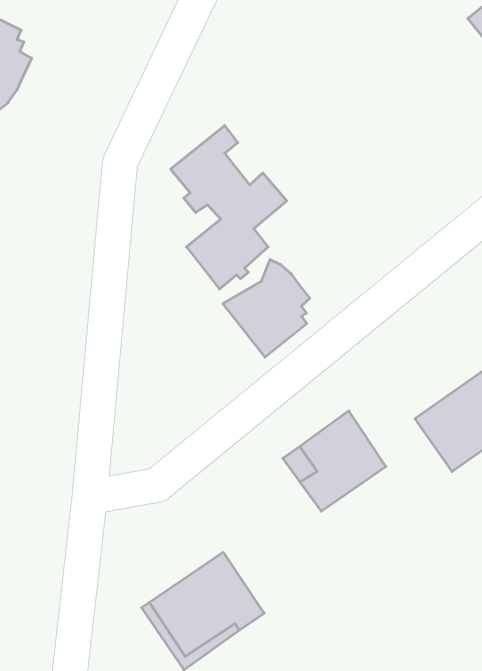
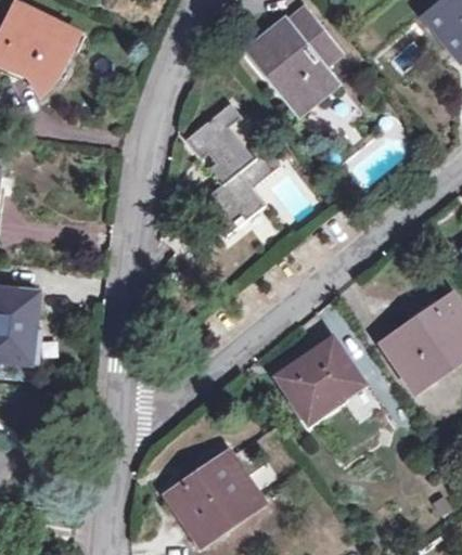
building: none -> [246,8,342,115]
building: [223,259,310,357] -> none

